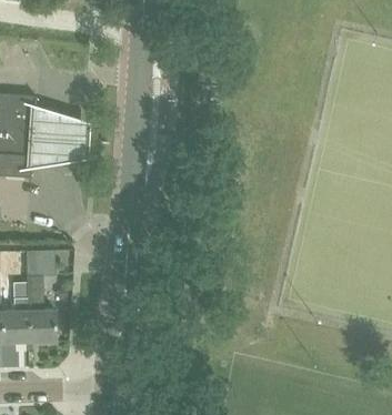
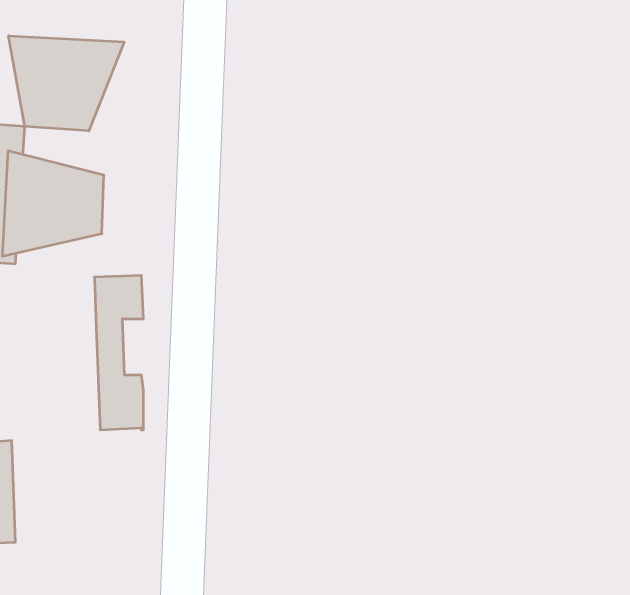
building: none -> [9,36,124,131]
building: [26,251,54,342] -> [94,275,143,430]

